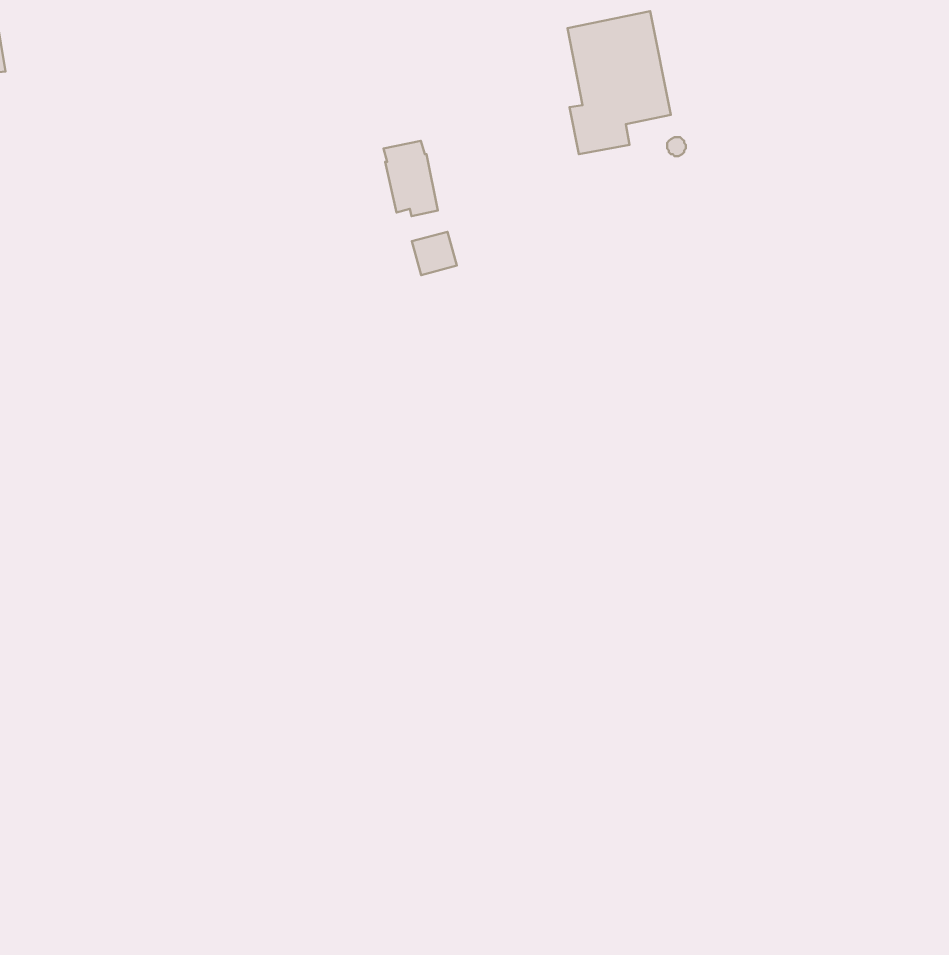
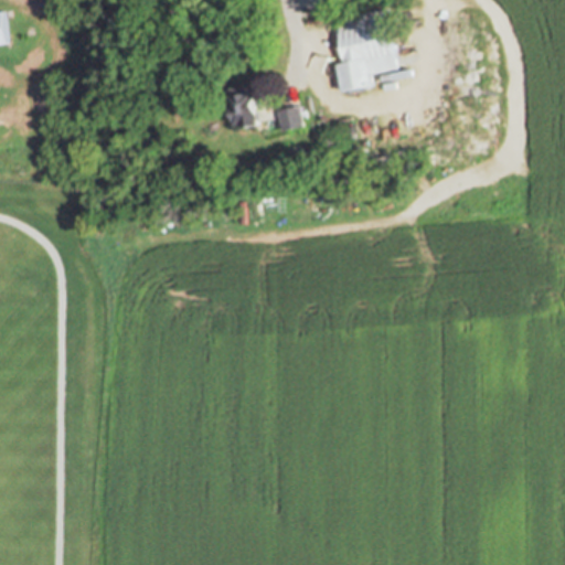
building: [412,232,457,275] -> [276,108,302,134]

